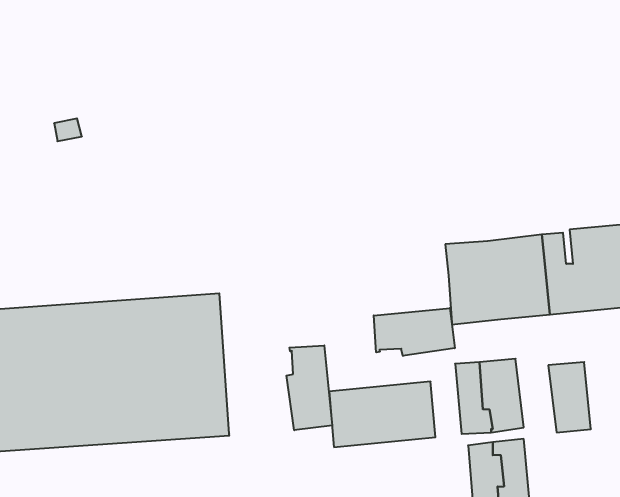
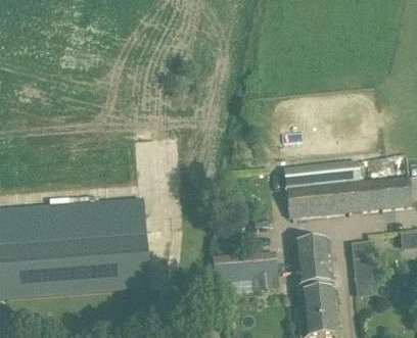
building: [374,308,455,356] -> none
building: [286,345,332,430] -> none

